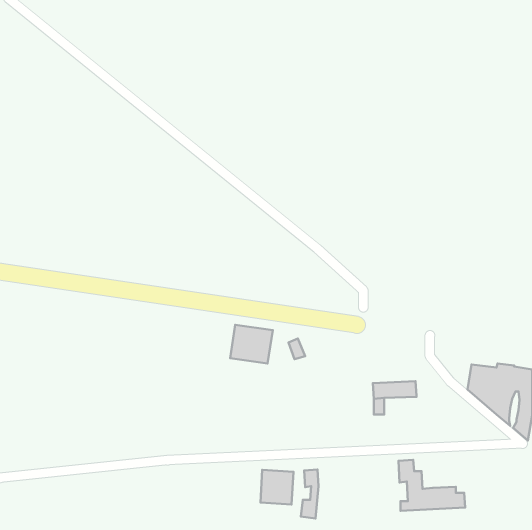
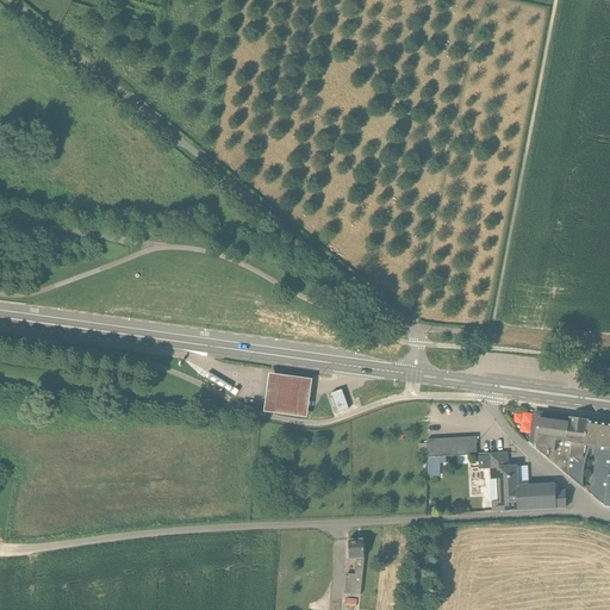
building: [398,460,465,511] -> [490,452,566,510]
building: [260,470,293,505] -> none

